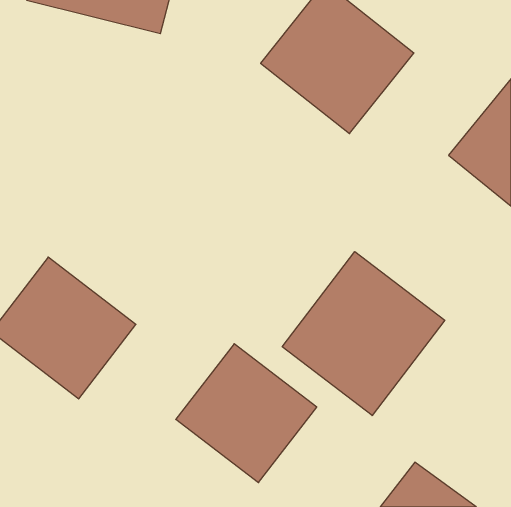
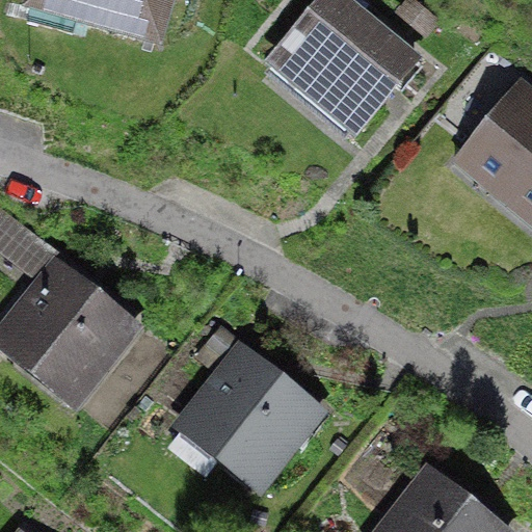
building: [282,252,445,416] -> none

